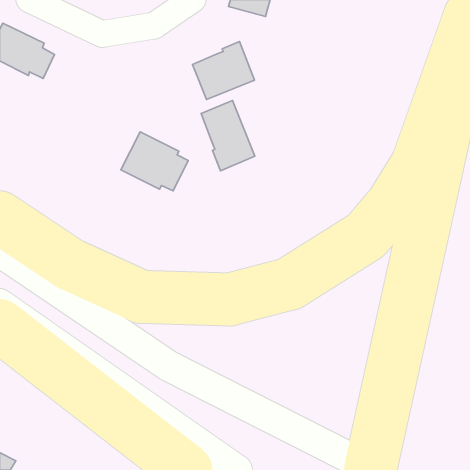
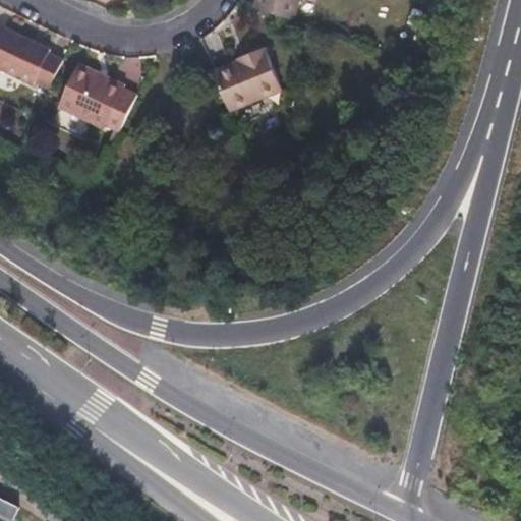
building: [201,101,255,171] -> none
building: [121,132,188,191] -> [57,65,131,130]

